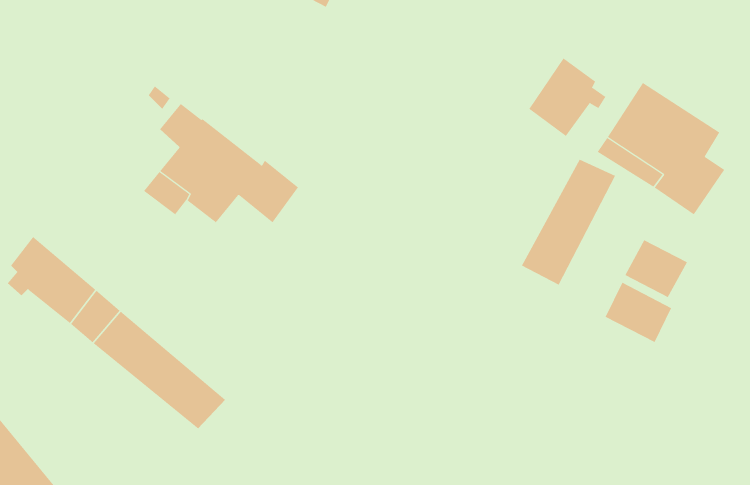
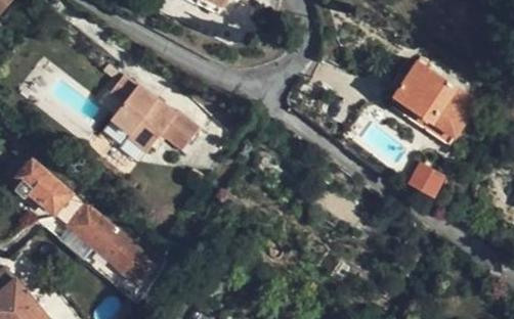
building: [528,58,606,137] -> none
building: [521,159,616,285] -> none
building: [605,282,672,343] -> none

